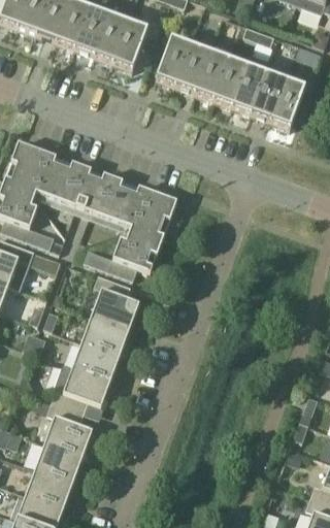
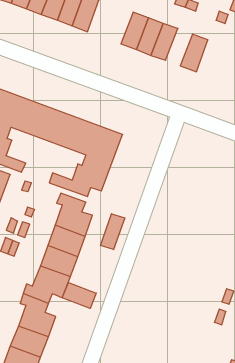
building: [155,38,190,86] -> none
building: [231,66,265,113] -> none
building: [270,80,304,128] -> none
building: none -> [100,214,125,250]
building: none -> [62,282,96,308]

